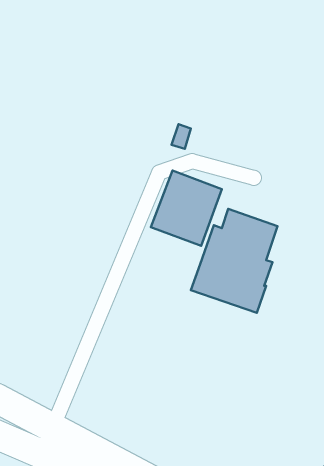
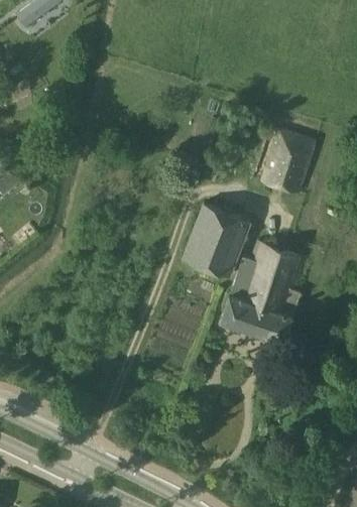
building: none -> [261,129,318,195]

